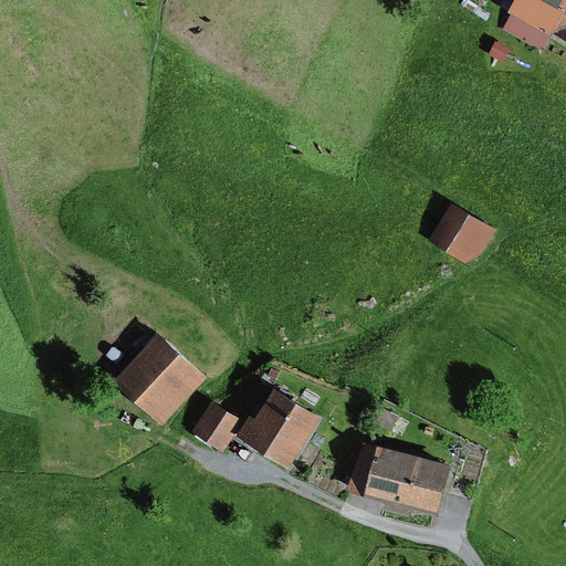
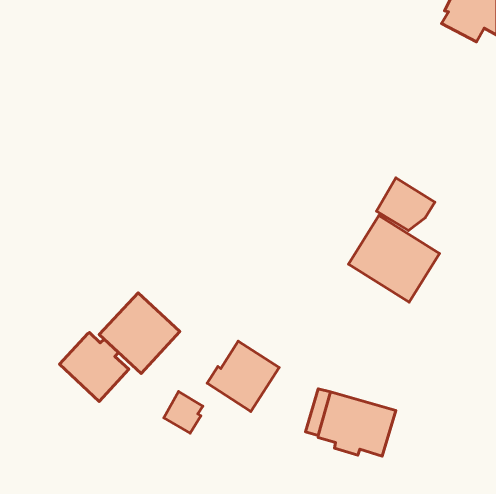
building: none -> [349,216,440,302]
building: none -> [60,333,129,401]
building: [195,401,239,449] -> [164,391,203,433]

